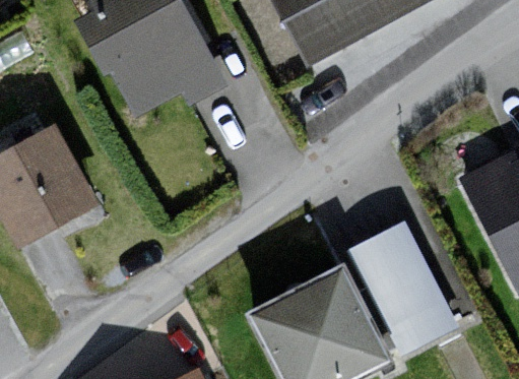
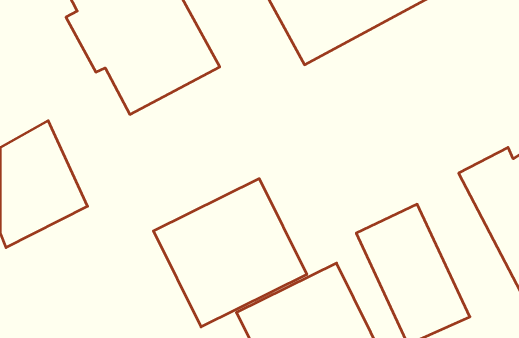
building: none -> [153,179,307,327]

